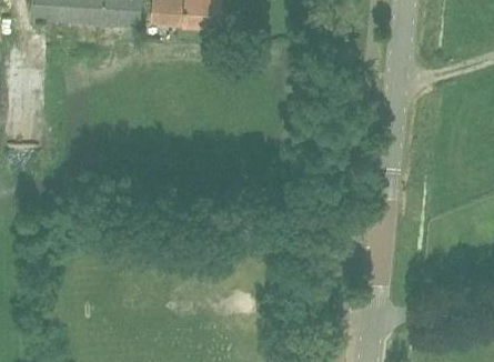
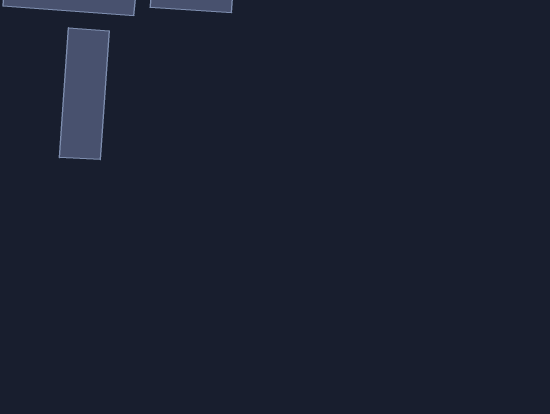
building: none -> [59,28,109,160]

